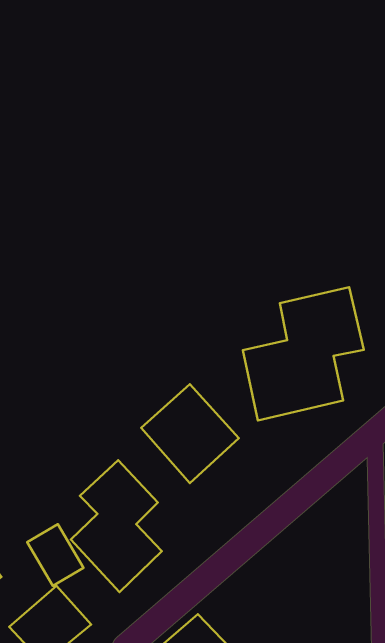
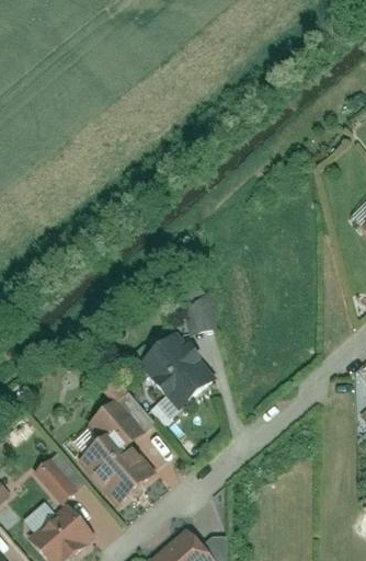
building: [243,287,364,421] -> none
building: none -> [192,293,224,331]

